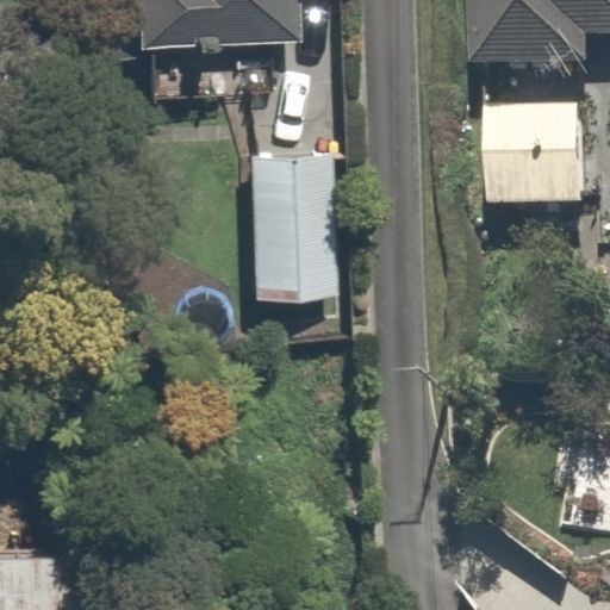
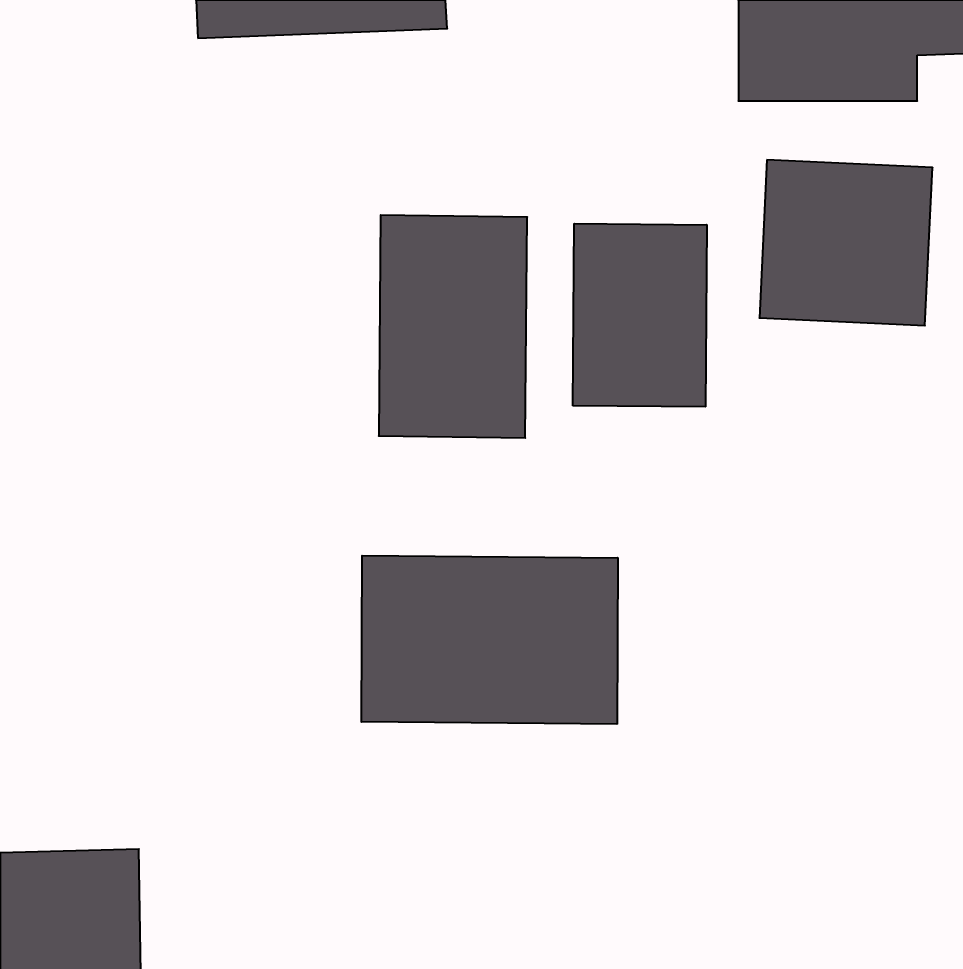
building: none -> [573,224,707,407]
building: none -> [361,556,618,724]

